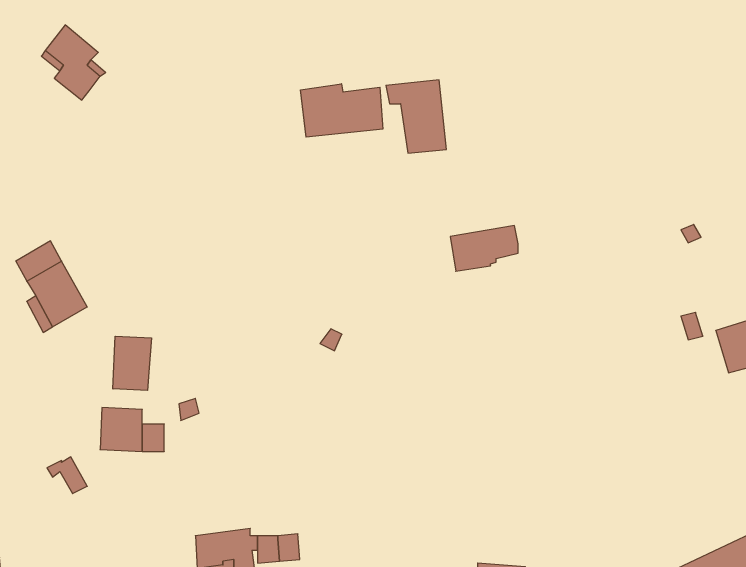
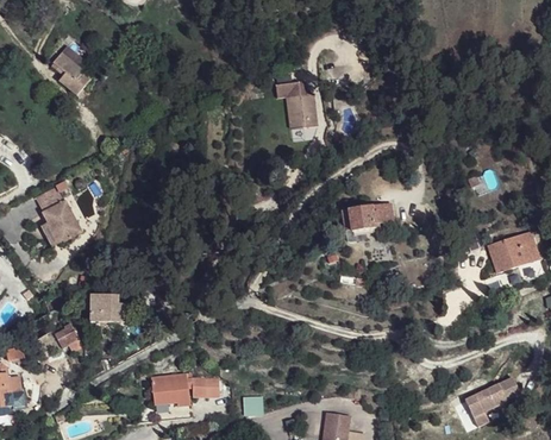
building: [301,84,383,137] -> none
building: [450,226,518,271] -> [349,202,393,232]
building: [113,336,151,390] -> none

